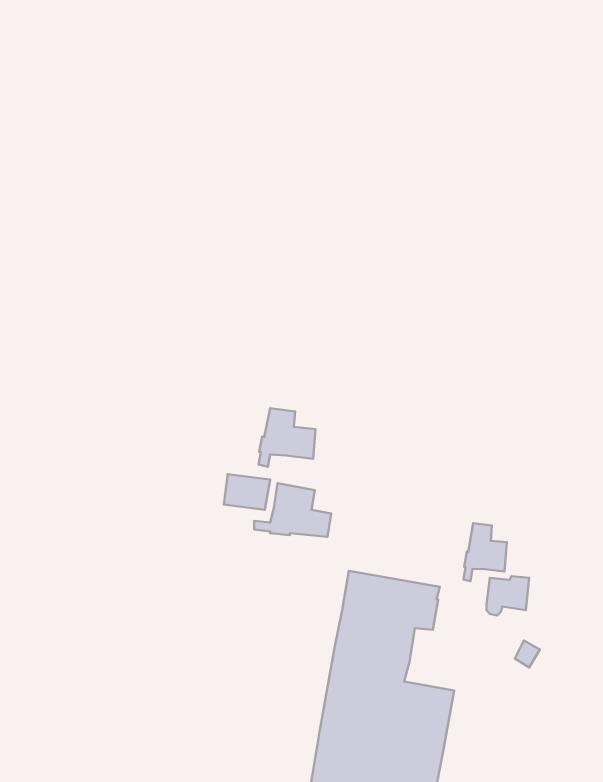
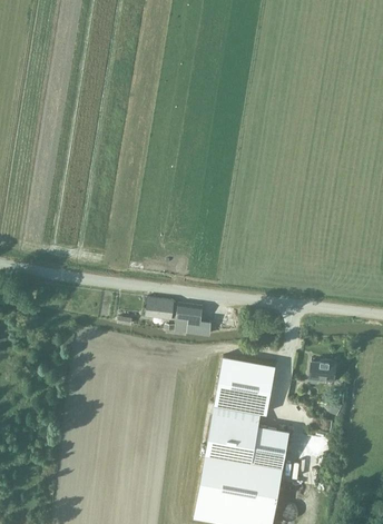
building: [259,408,315,467] -> none
building: [464,523,507,581] -> none

